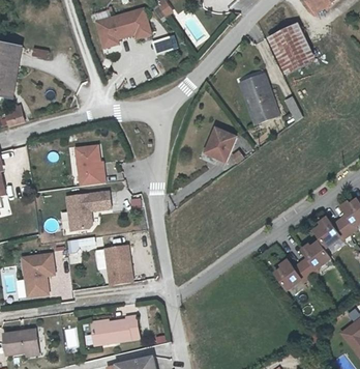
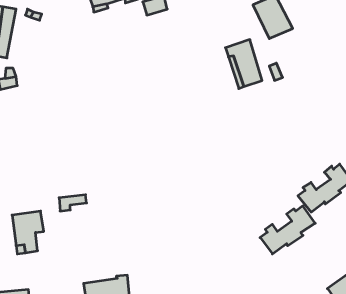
building: [201,129,233,163] -> none
building: [72,141,102,182] -> none
building: [64,187,110,226] -> none
building: [102,238,131,279] -> none

